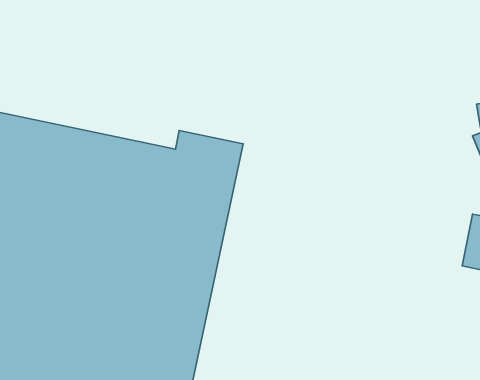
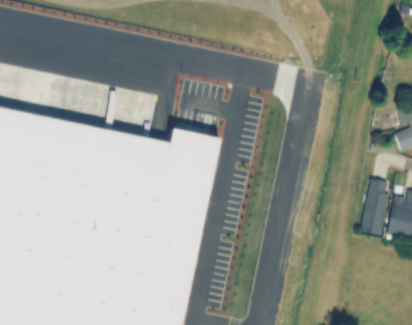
building: none -> [362,178,391,235]

